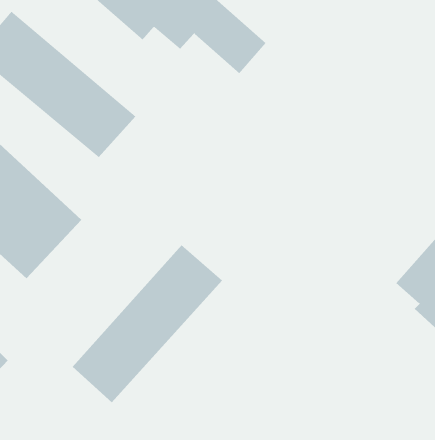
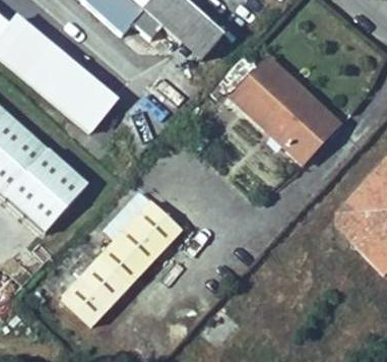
building: none -> [237,48,345,154]

